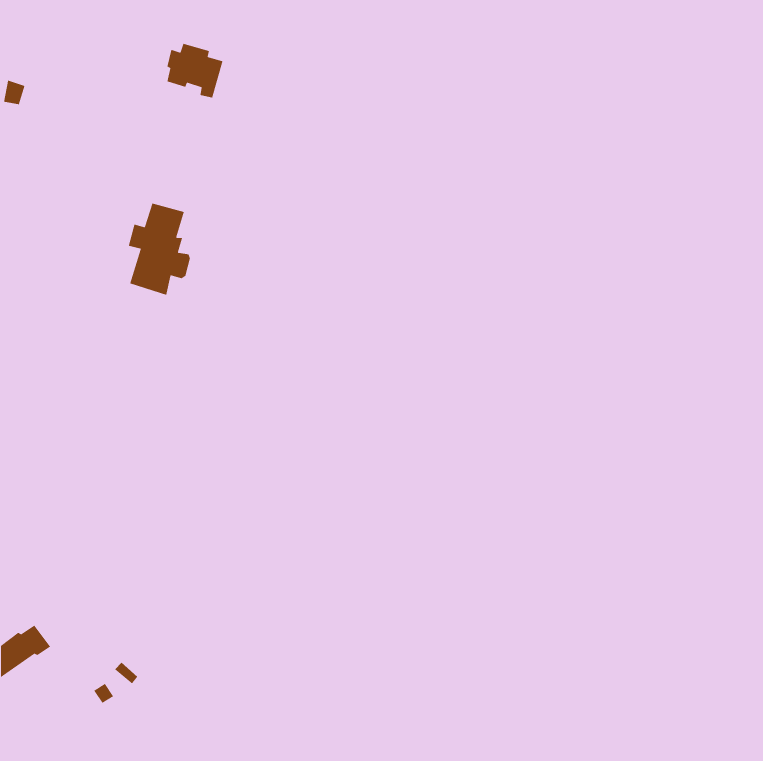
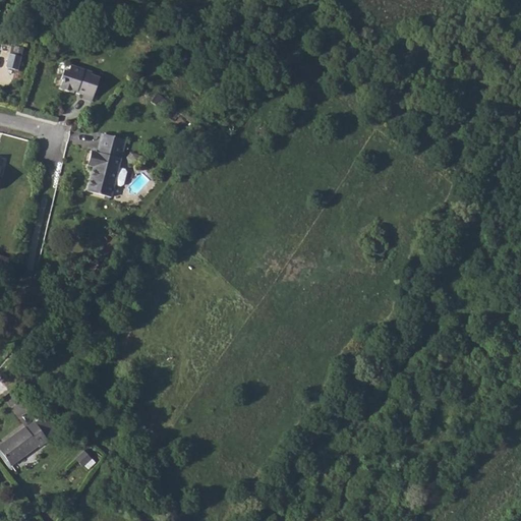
building: [166,43,223,98] -> [58,62,97,100]

